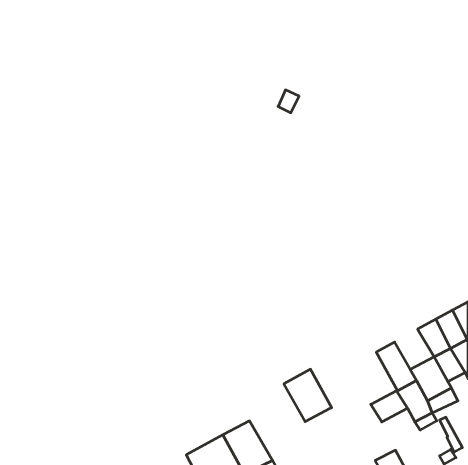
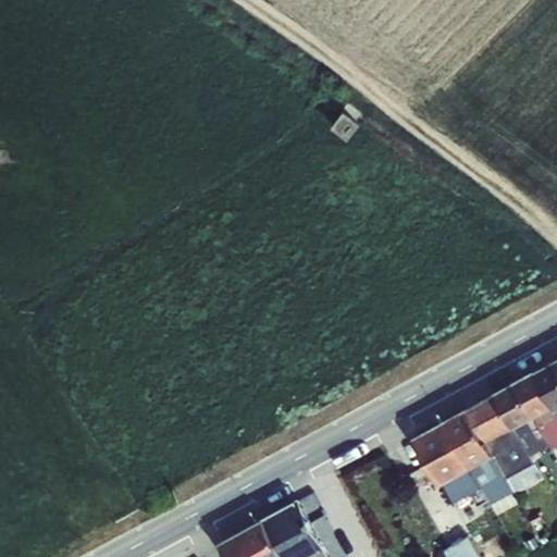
building: none -> [468,395,515,443]
building: [284,369,332,422] -> [414,422,471,484]

